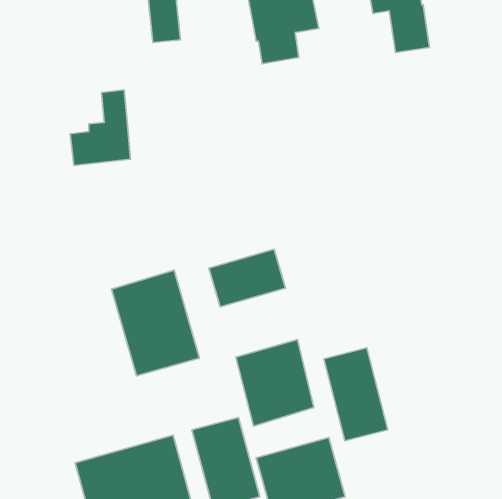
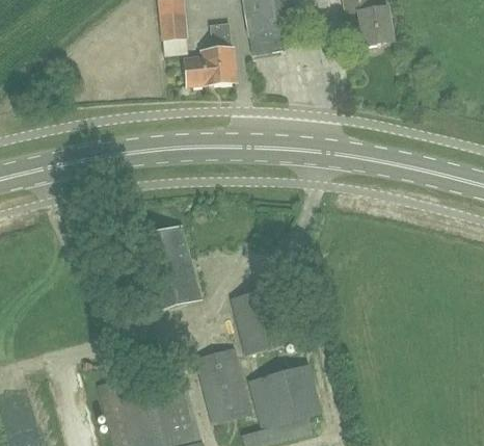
building: [70,90,130,165] -> [184,24,234,86]
building: [209,249,285,307] -> none
building: [324,348,388,441] -> none

